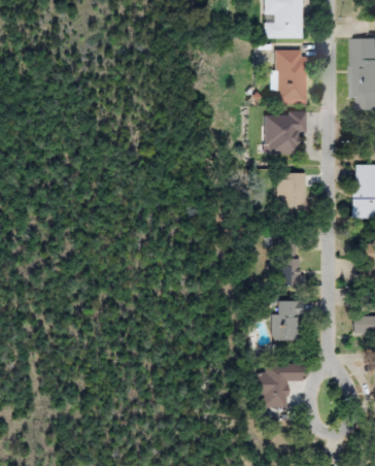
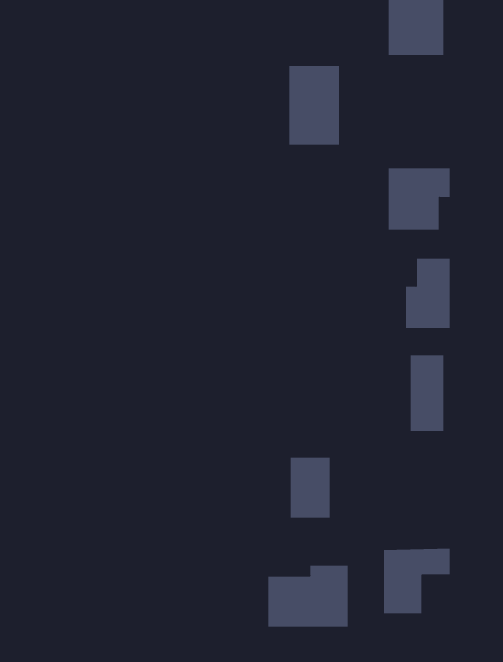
building: [271,51,305,103] -> [288,66,340,145]
building: [275,301,302,341] -> [290,457,331,518]
building: none -> [268,565,348,628]

